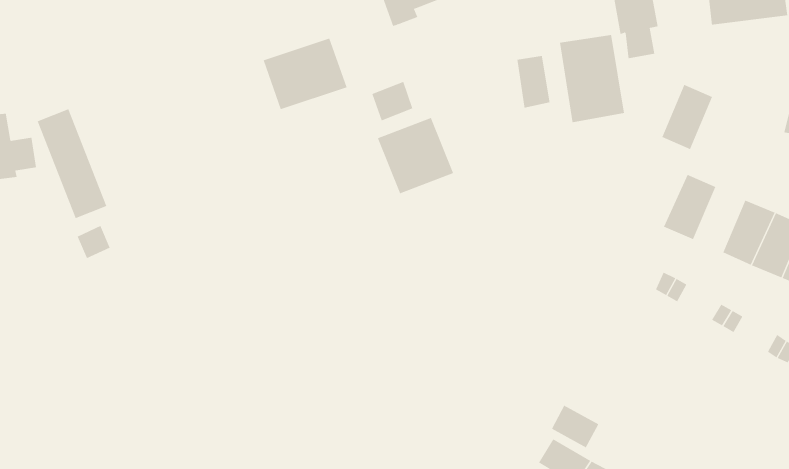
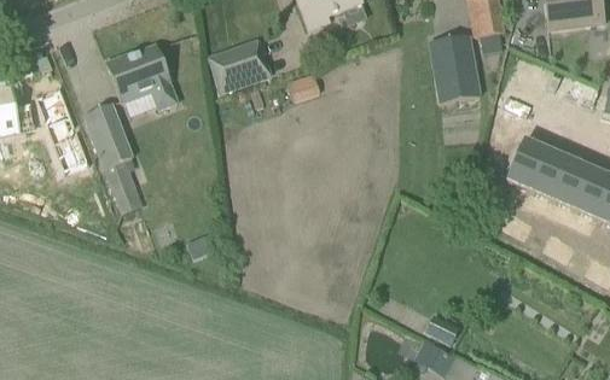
building: none -> [105,46,178,111]
building: [517,55,550,109] -> none
building: [662,84,713,150] -> [531,151,570,200]
building: [377,117,454,194] -> none
building: none -> [83,104,143,214]

